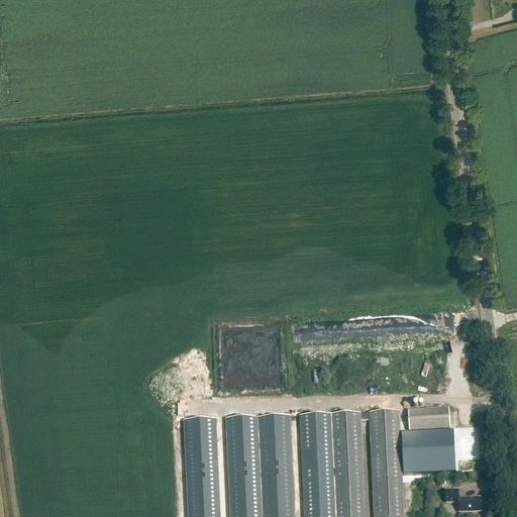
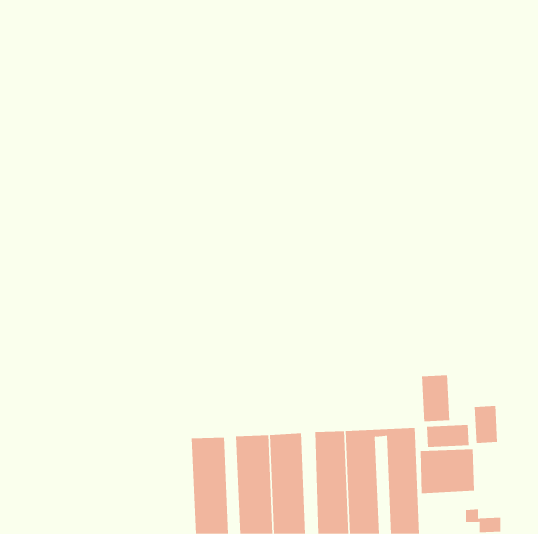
building: none -> [421,374,450,422]
building: none -> [474,405,498,444]

